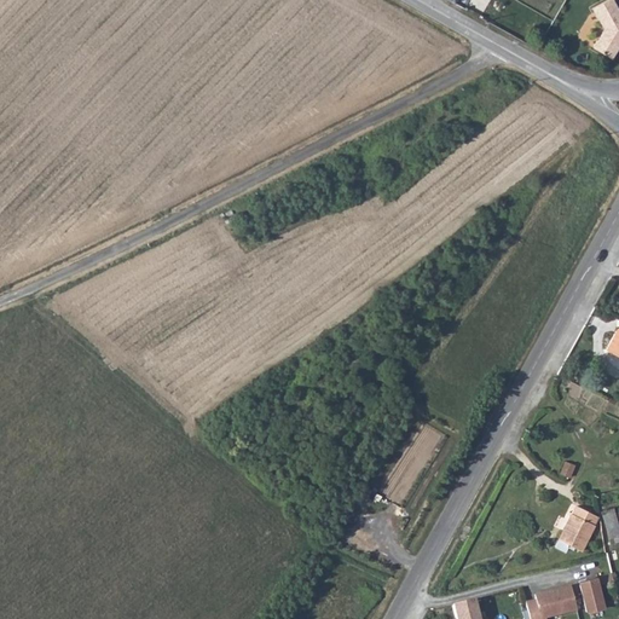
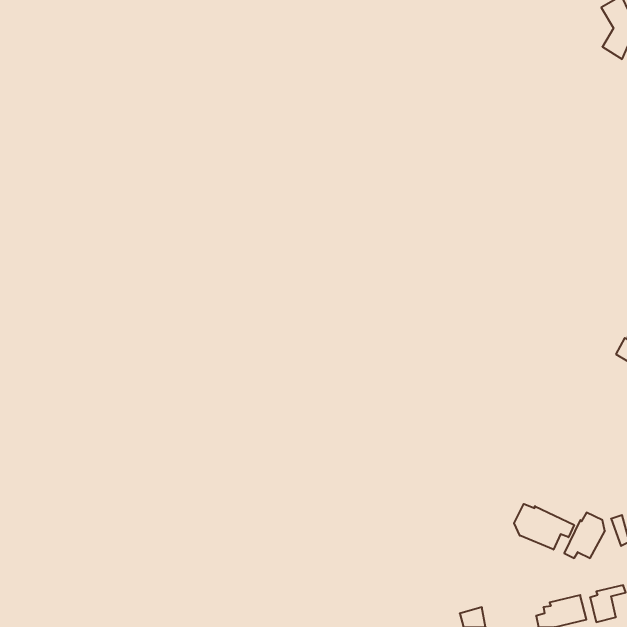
building: none -> [514,504,574,550]

